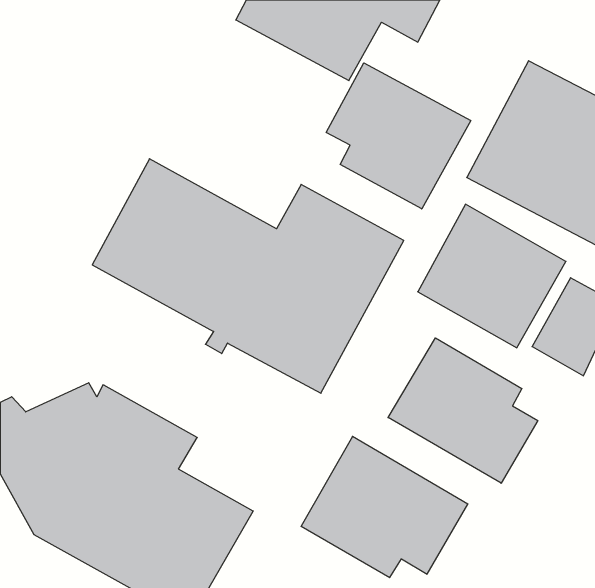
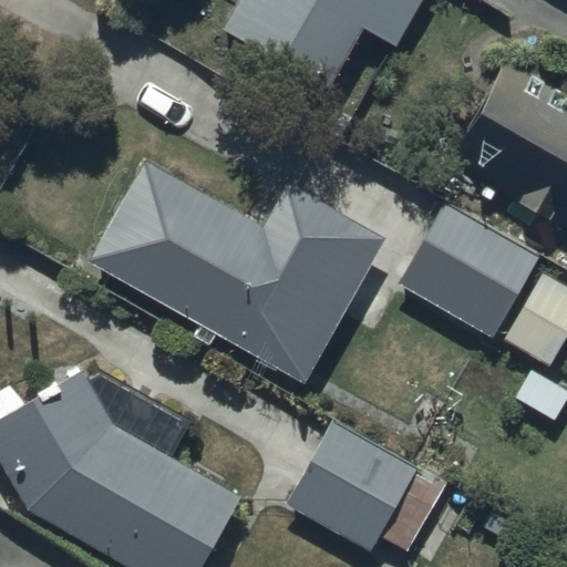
building: [326,63,471,209] -> none
building: [388,338,538,483] -> none

